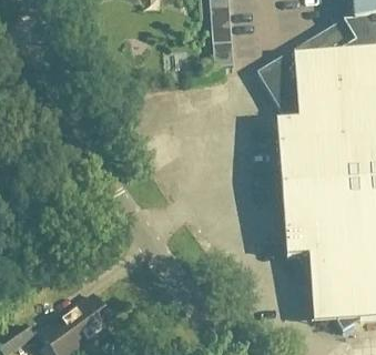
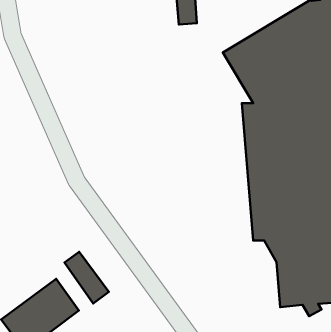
building: none -> [65,252,109,304]

